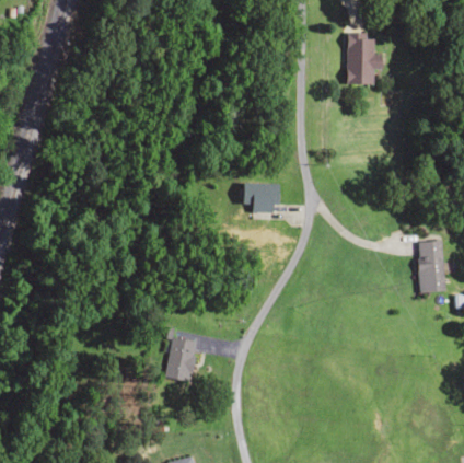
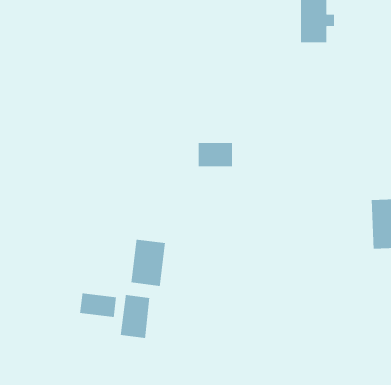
building: none -> [130,239,166,287]
building: none -> [79,292,117,318]

